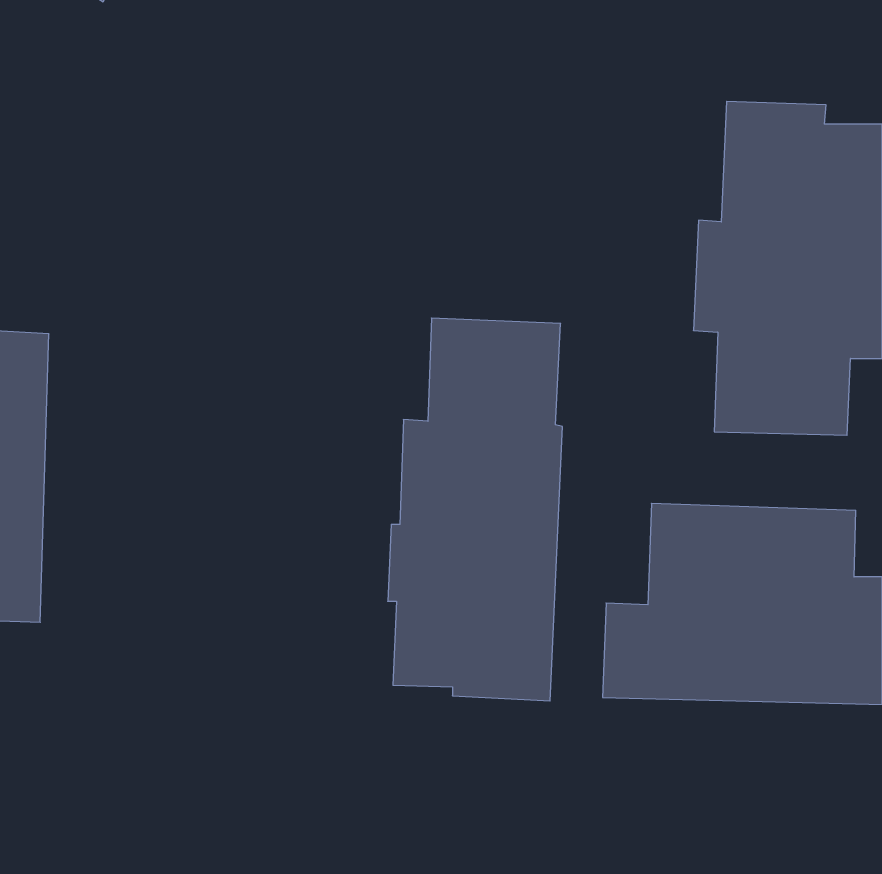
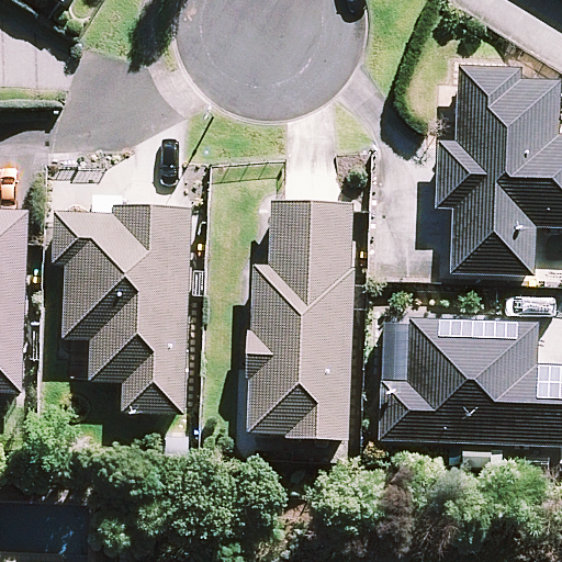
building: none -> [55,205,193,415]

